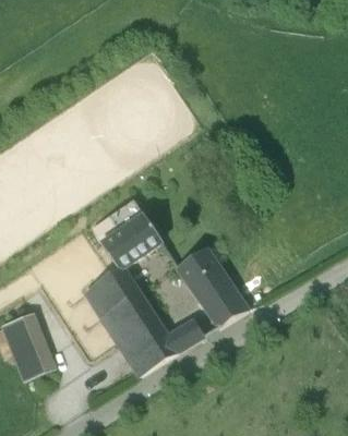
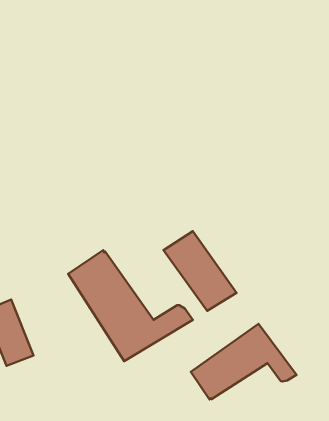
building: [101,199,160,269] -> none
building: none -> [191,324,296,399]

